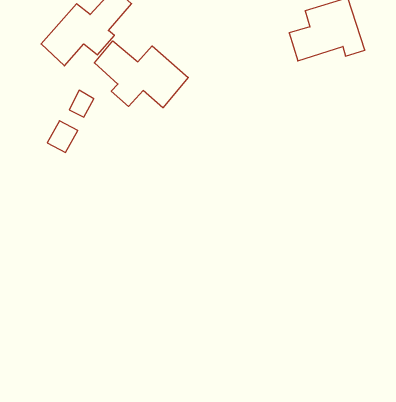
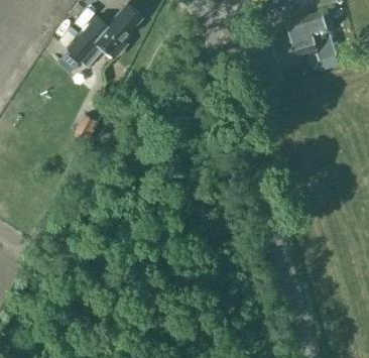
building: [94,41,188,108] -> none

